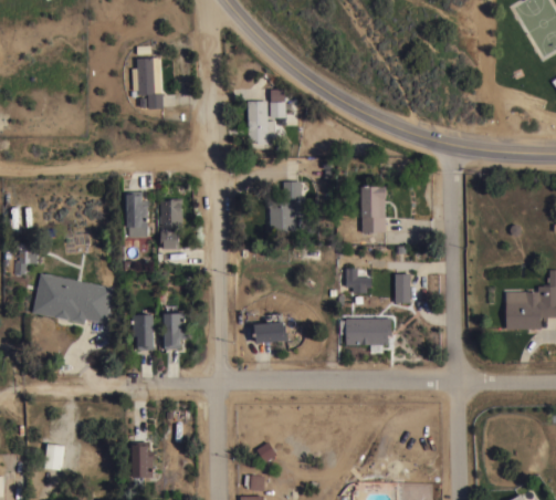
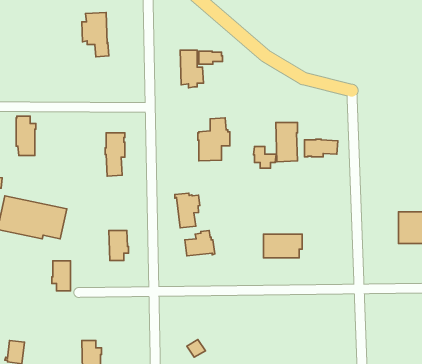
building: [126,192,149,239] -> [16,116,36,156]
building: none -> [304,139,338,157]
building: [345,269,371,294] -> [254,147,276,168]
building: none -> [175,193,200,228]
building: [395,274,410,304] -> none
building: [132,315,154,351] -> [52,261,71,291]

